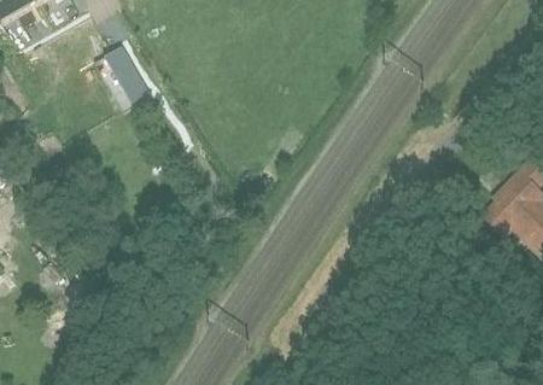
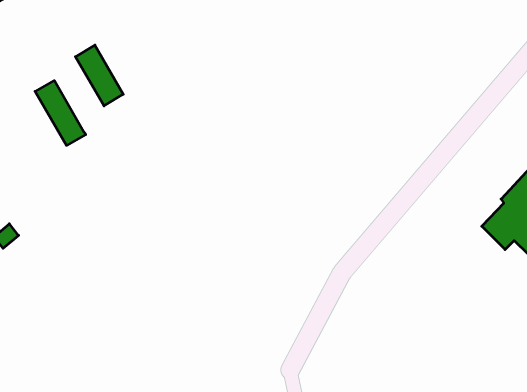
building: none -> [35,81,86,145]

